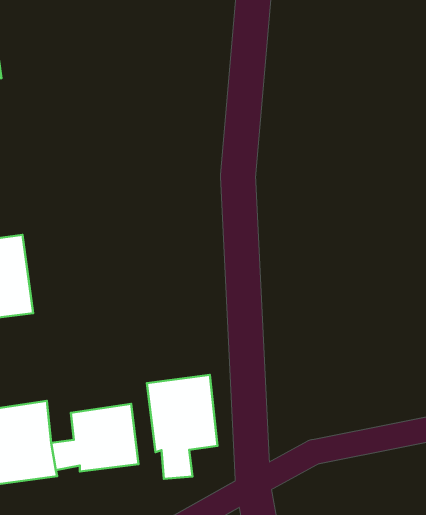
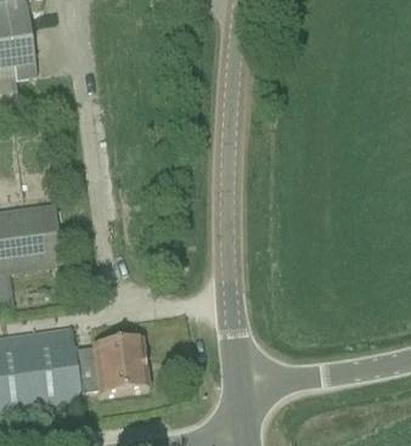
building: [147,375,218,479] -> none

